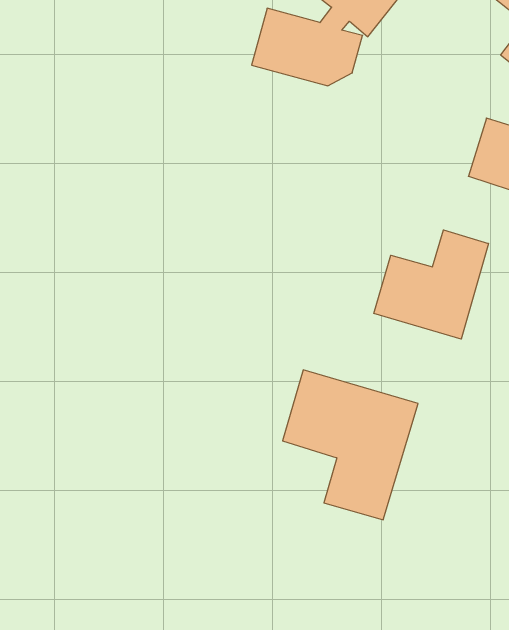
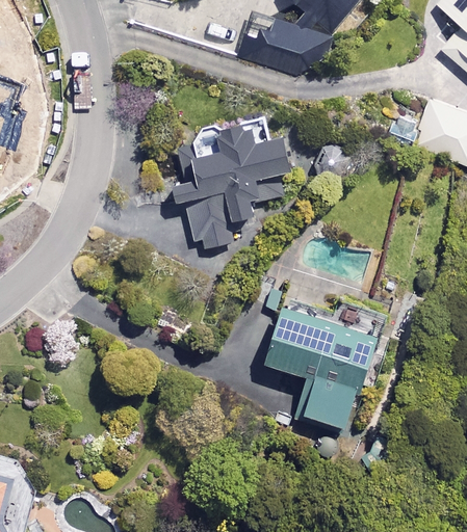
building: none -> [181,123,290,249]
building: [374,230,488,339] -> none

